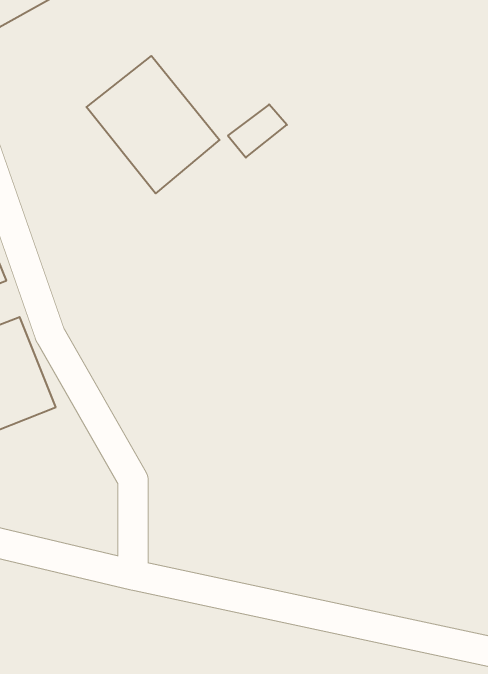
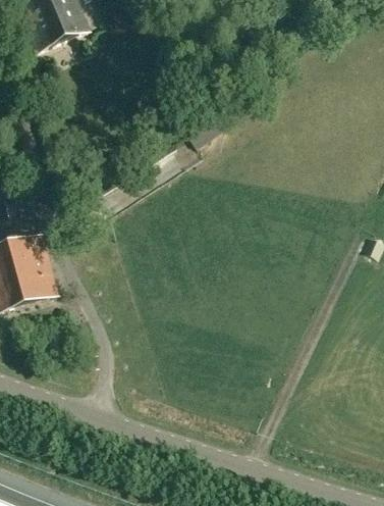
building: [86,56,220,193] -> none

